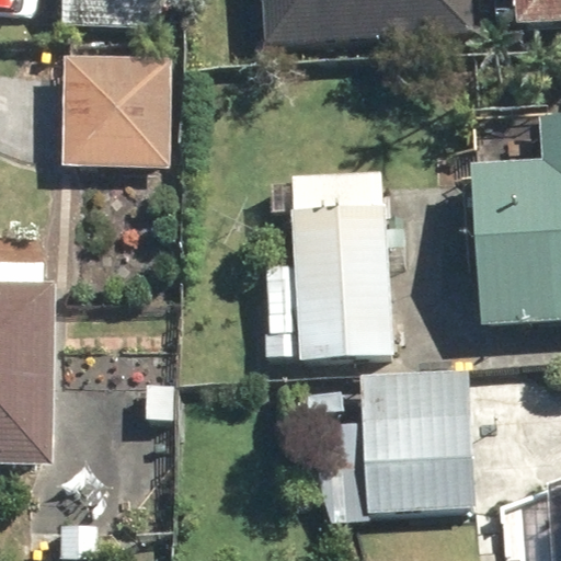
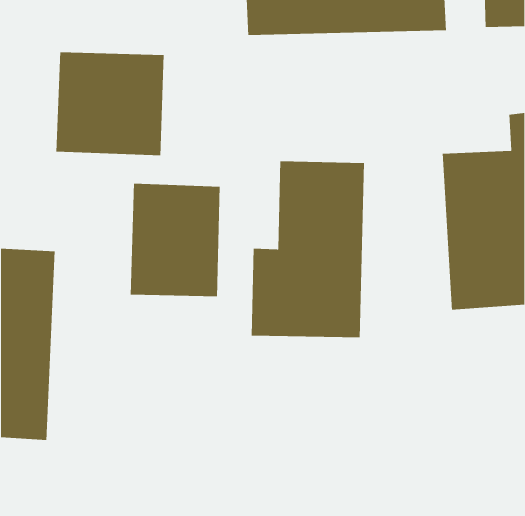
building: none -> [130,183,220,297]
building: [314,370,470,522] -> none

